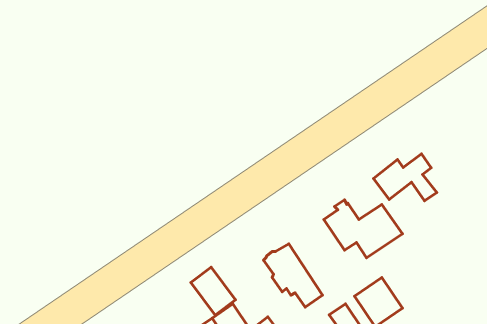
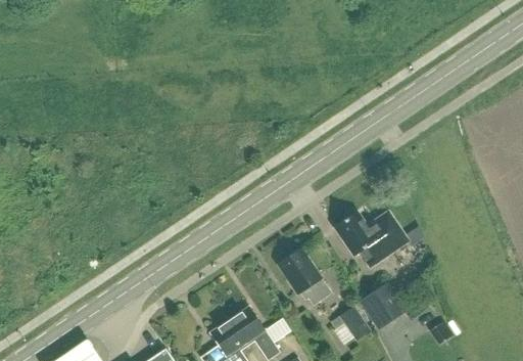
building: [374,154,437,201] -> none
building: [191,267,236,315] -> none

